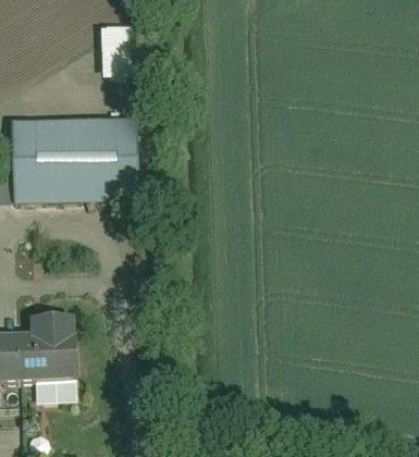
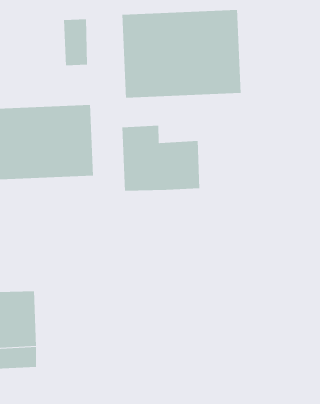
building: none -> [122,9,241,99]
building: none -> [122,125,200,192]

